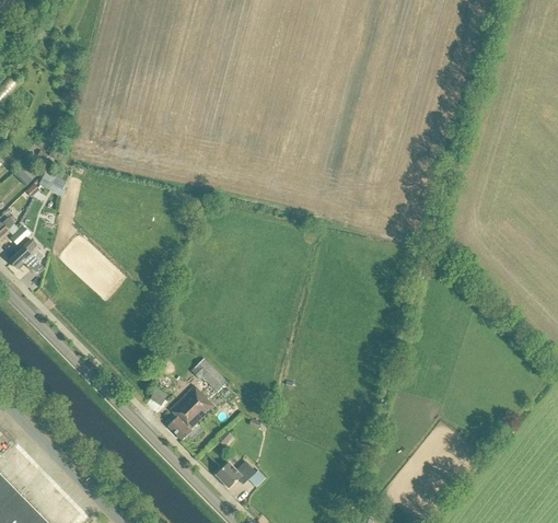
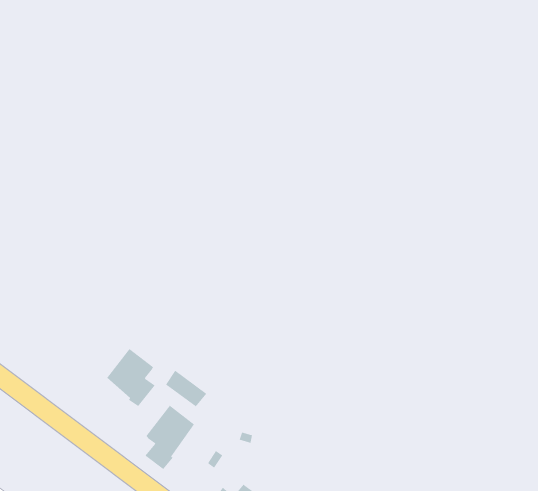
building: none -> [107,348,156,407]

